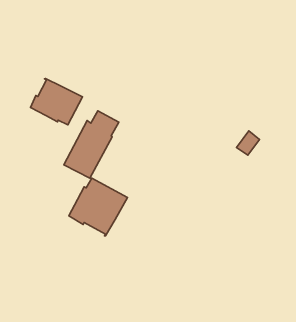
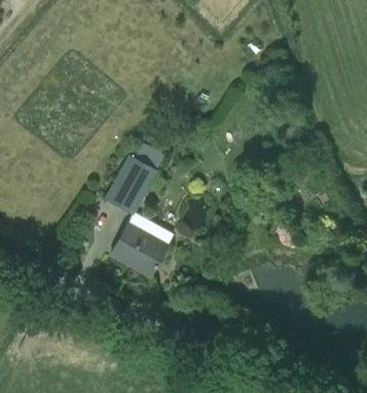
building: [30,78,82,125] -> none

